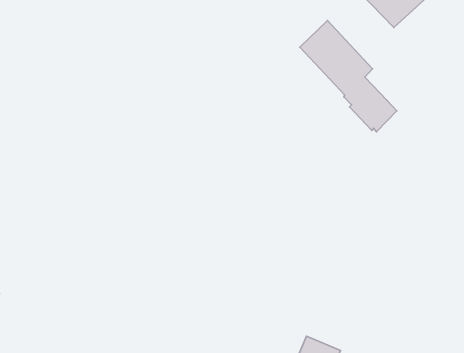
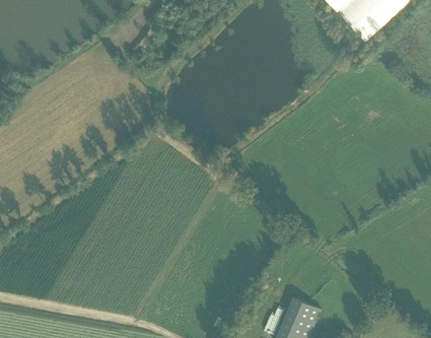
building: [300,21,397,132] -> none

